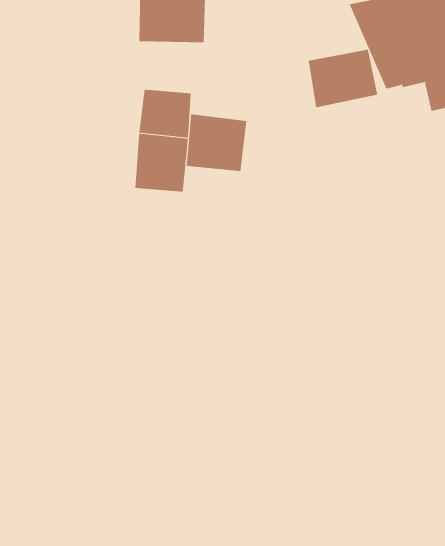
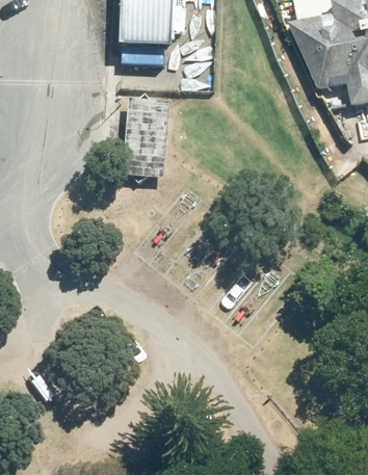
building: [308,49,378,108] -> none
building: [186,114,247,172] -> none

